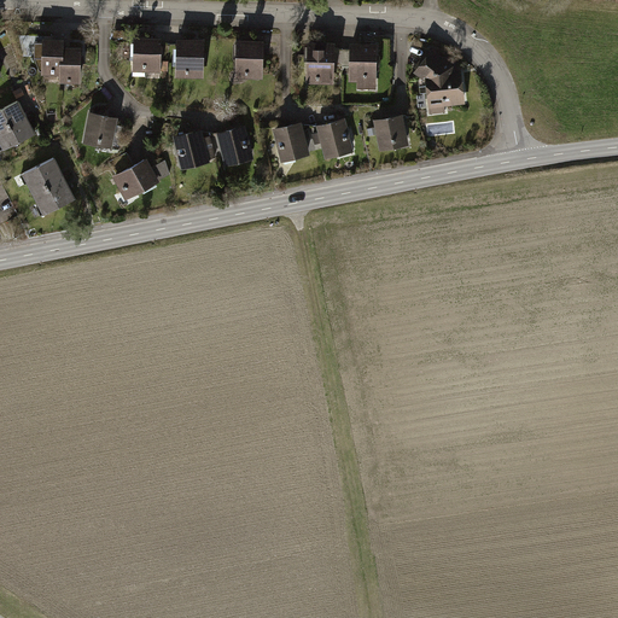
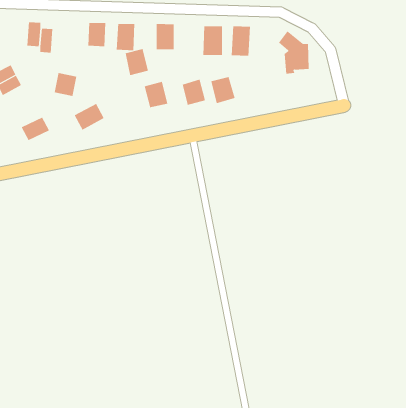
building: [373,116,407,150] -> none
building: [173,129,209,170] -> [125,48,149,76]
building: [22,158,64,196] -> none

